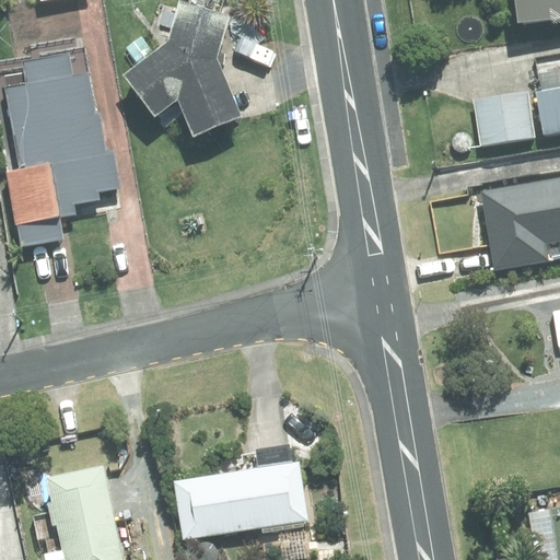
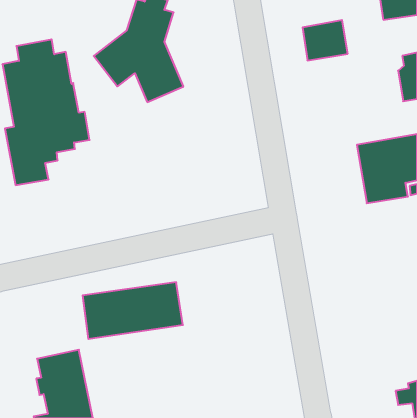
building: [468,92,528,145] -> [303,20,348,60]
building: [175,463,308,538] -> [83,282,183,339]

